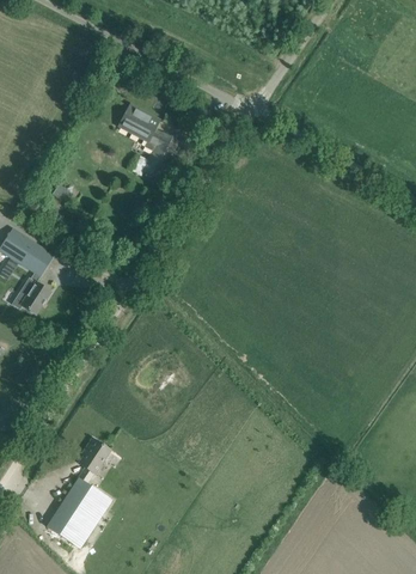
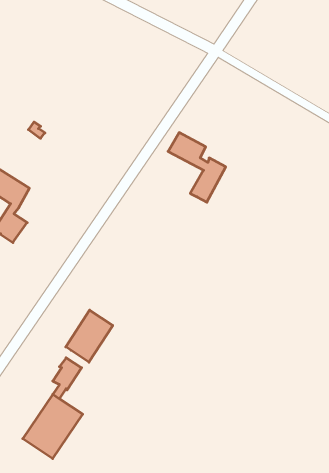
building: [118,104,181,179] -> [168,133,226,202]
building: none -> [66,310,113,362]

